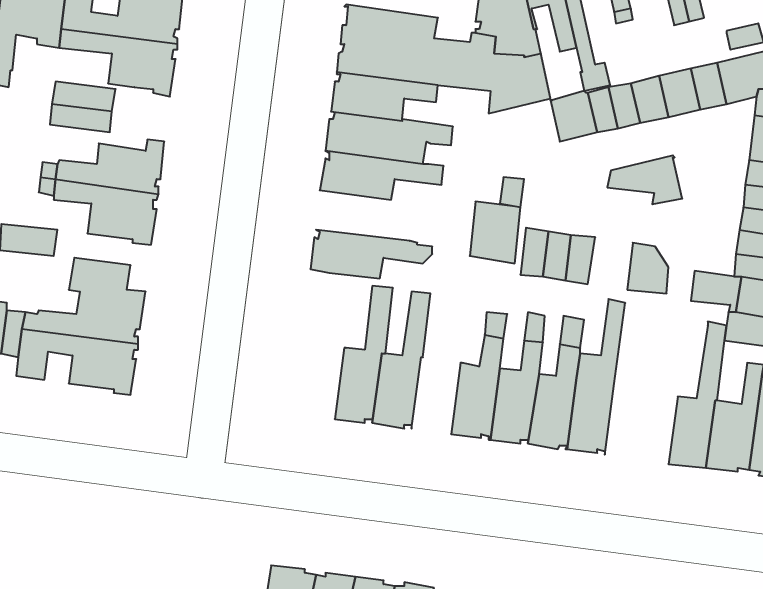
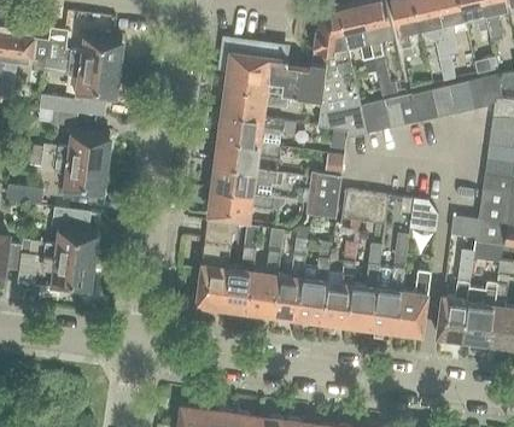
building: [607,155,682,204] -> [319,105,367,136]
building: none -> [210,164,284,197]
building: none -> [197,221,234,311]
building: none -> [271,239,308,321]
building: none -> [396,271,430,338]

